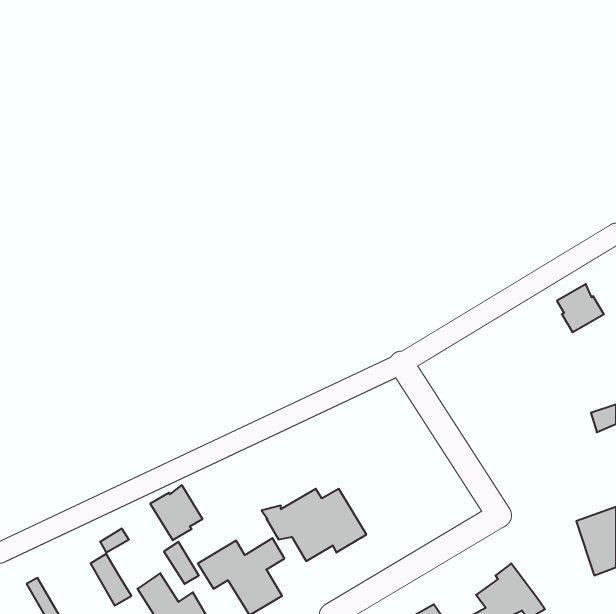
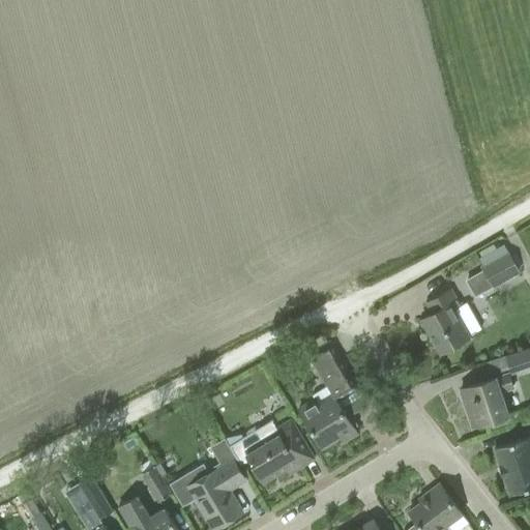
building: none -> [421,290,481,355]
building: none -> [299,343,357,449]
building: none -> [461,375,512,429]
building: [150,485,202,540] -> none

